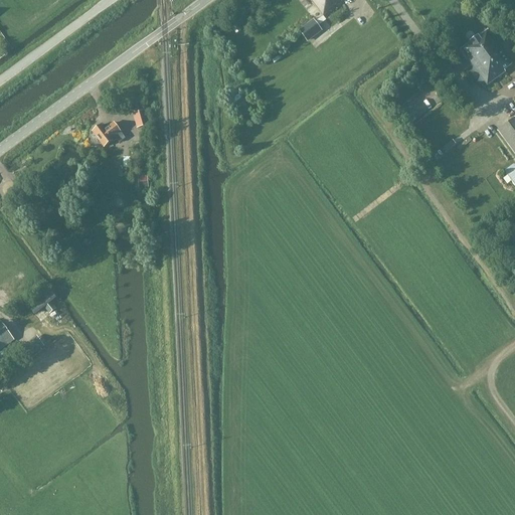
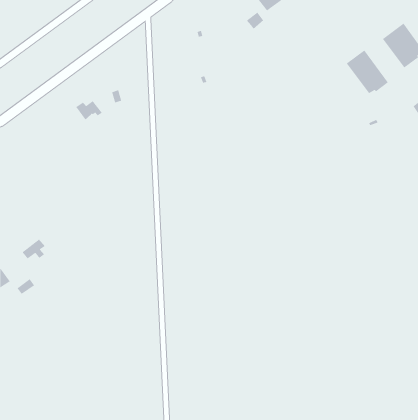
building: none -> [345,49,389,94]

